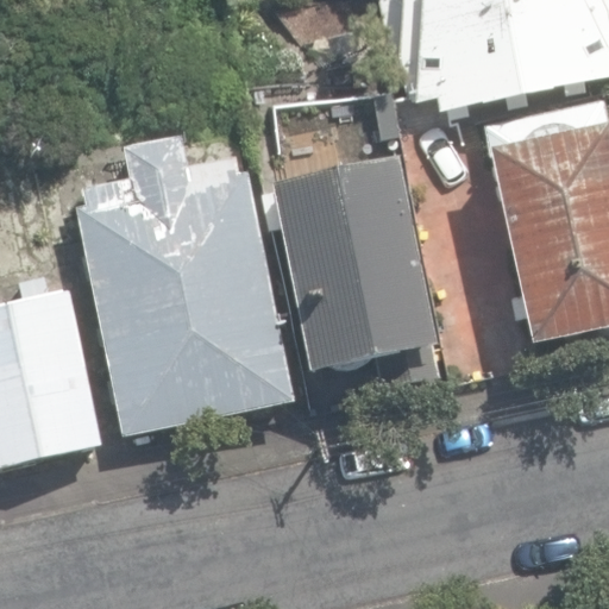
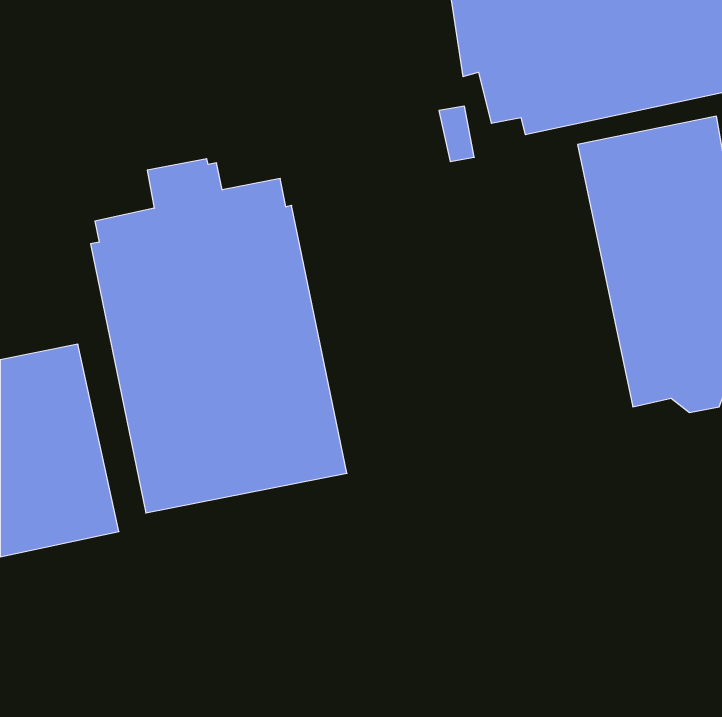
building: [270,161,438,388] -> none

